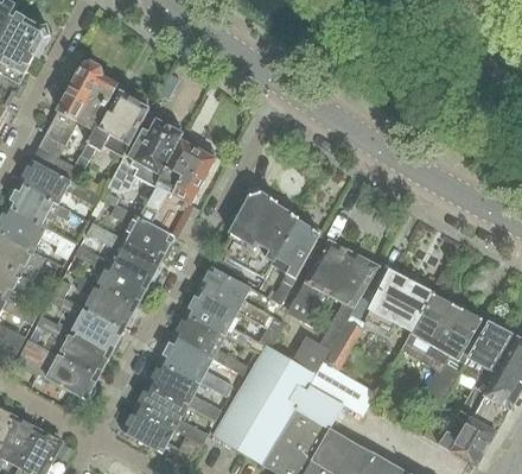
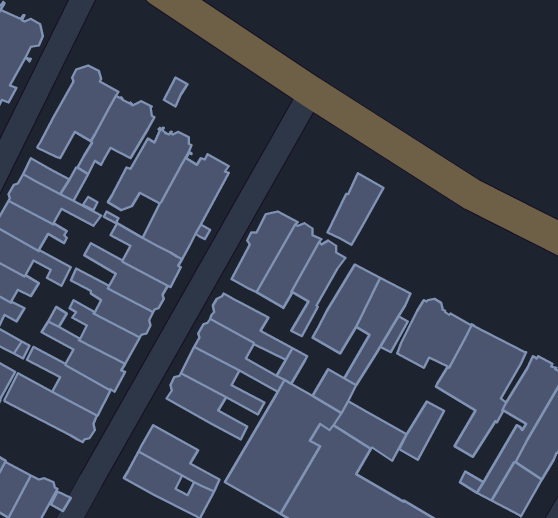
building: none -> [327,173,384,245]
building: [323,320,363,372] -> [399,402,444,460]
building: [148,360,221,421] -> none

